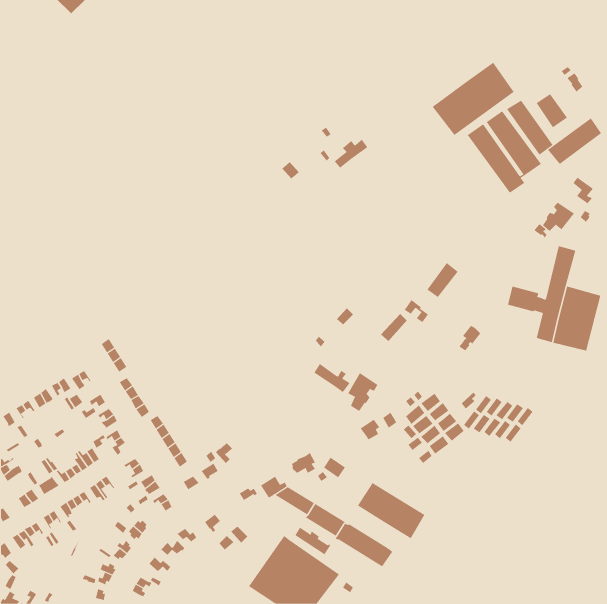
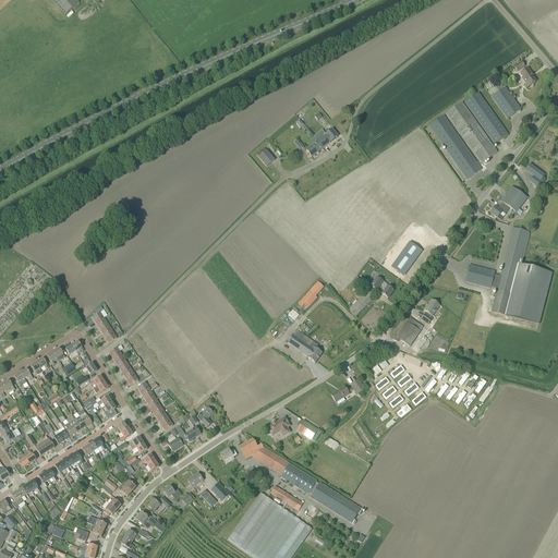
building: [432,62,515,136] -> none
building: [547,118,602,165] -> none
building: none -> [392,316,423,345]
building: [347,372,378,412] -> none
building: [357,482,425,539] -> none

